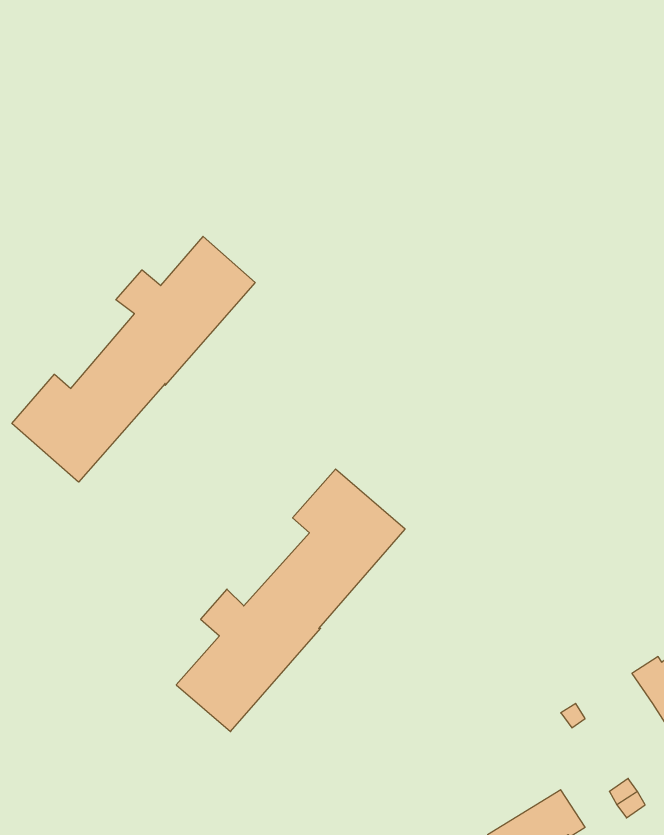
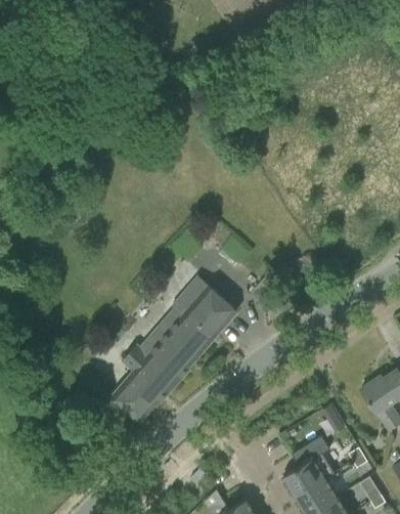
building: [12,236,255,482] -> none

